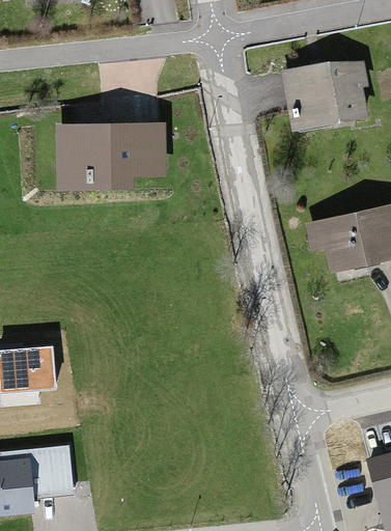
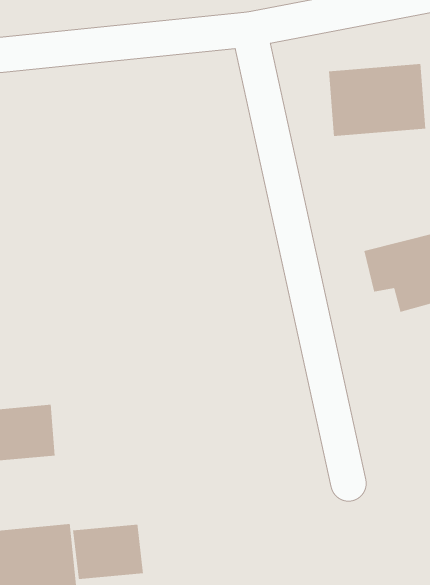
building: [57,125,169,185] -> none
building: none -> [73,524,144,580]

